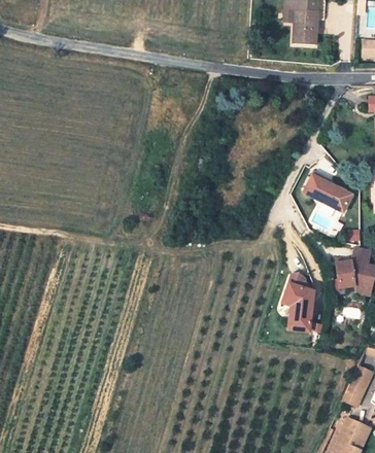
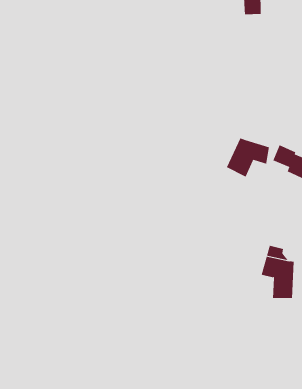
building: none -> [226,137,269,177]

